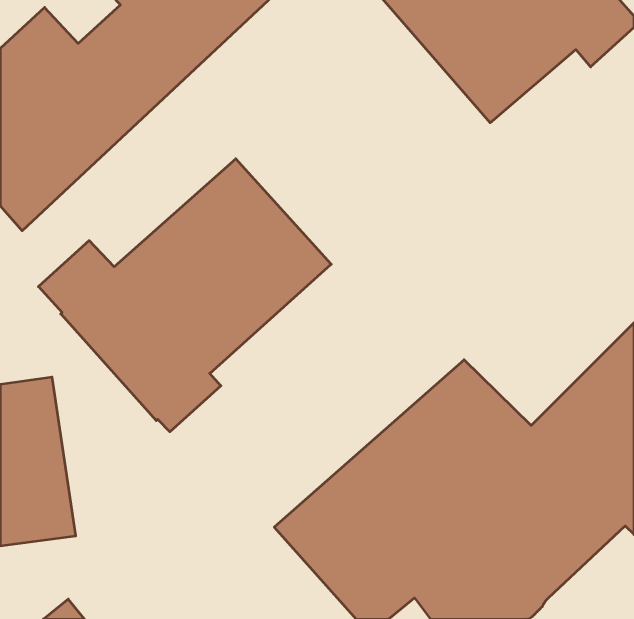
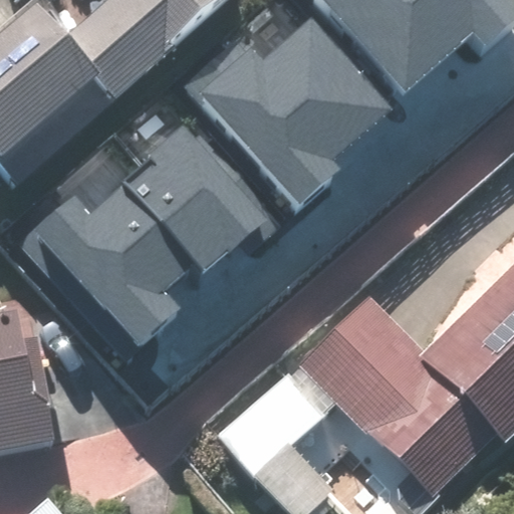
building: none -> [196,25,387,214]

